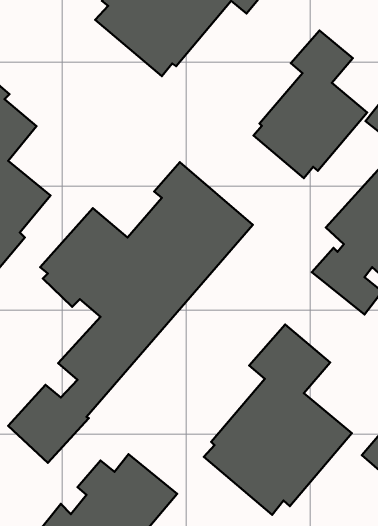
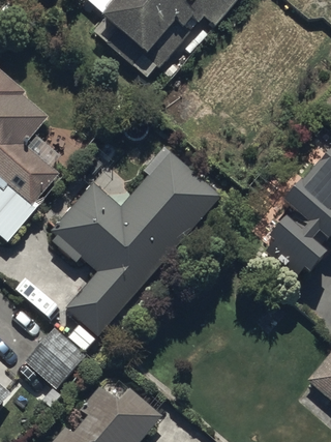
building: [253,30,367,178] -> none
building: [204,324,352,515] -> none

